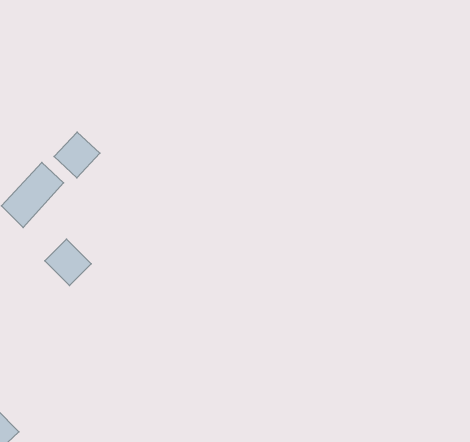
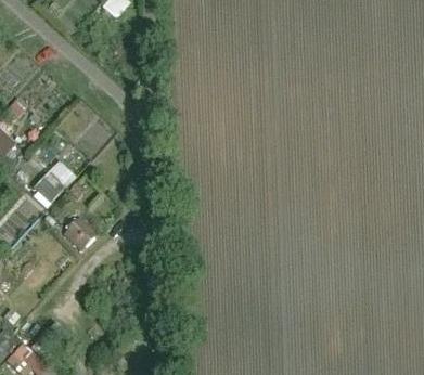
building: [54,132,100,178] -> none

